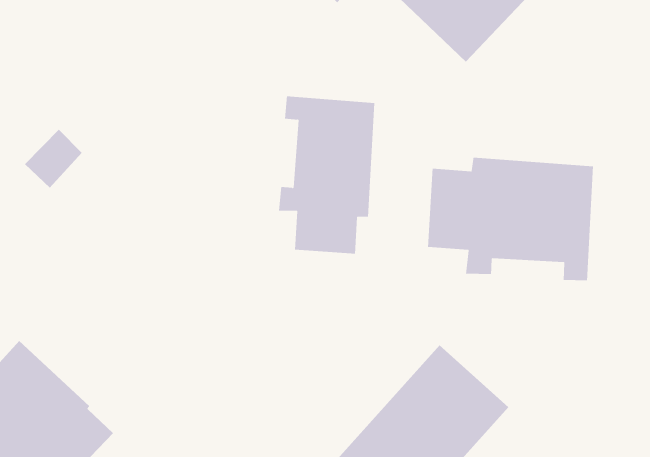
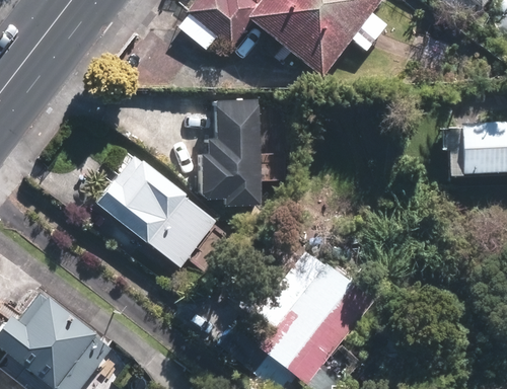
building: [427,157,593,281] -> none
building: none -> [92,161,209,271]

